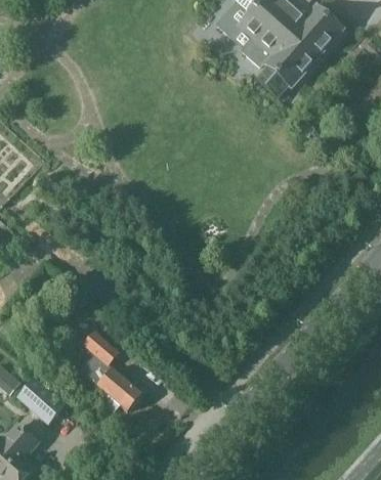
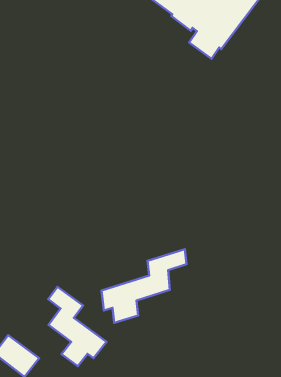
building: none -> [101,249,186,323]

